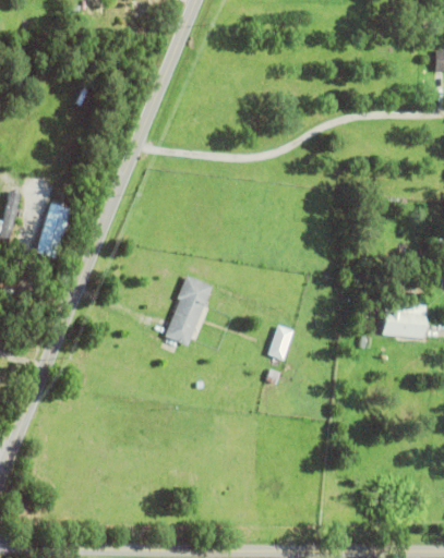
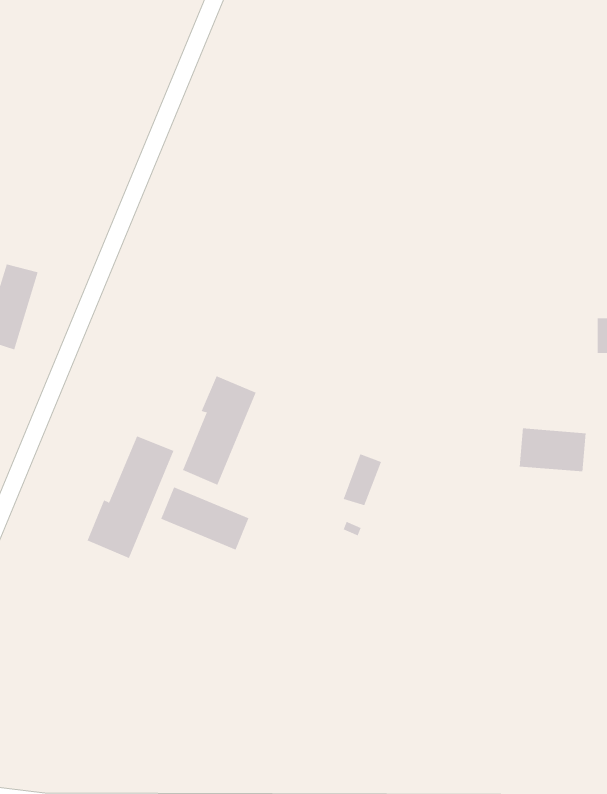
building: none -> [87,435,174,559]
building: none -> [160,486,249,551]

